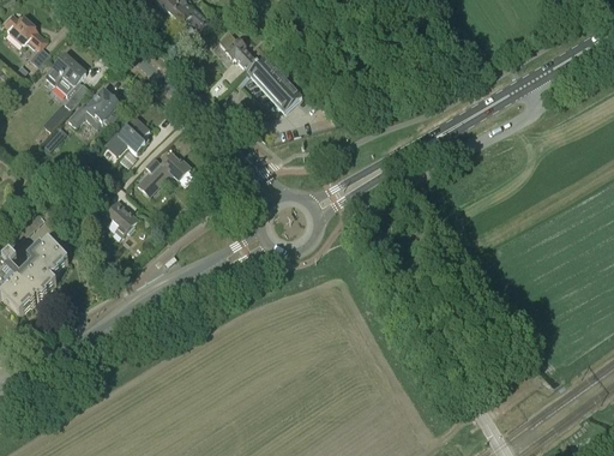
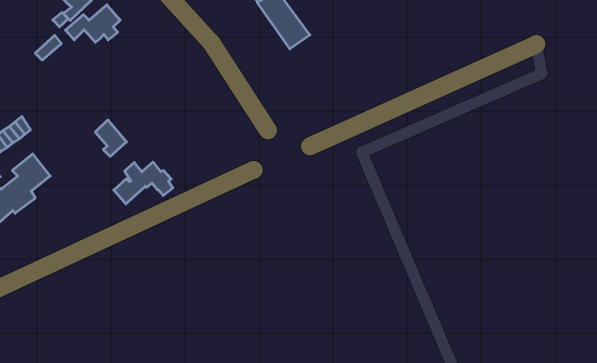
building: [104,115,149,157] -> none
building: [136,151,192,194] -> [114,162,173,204]

